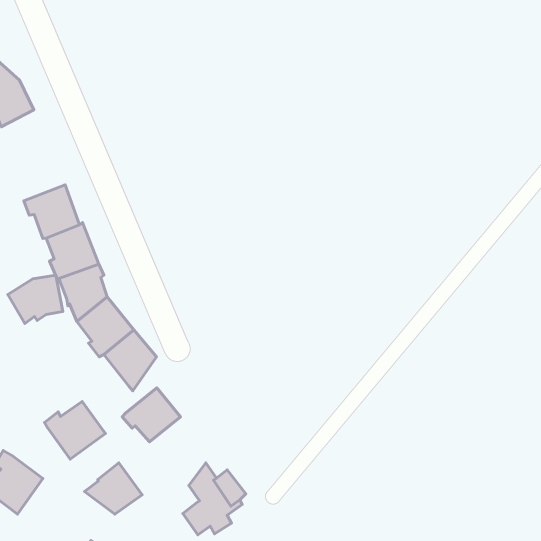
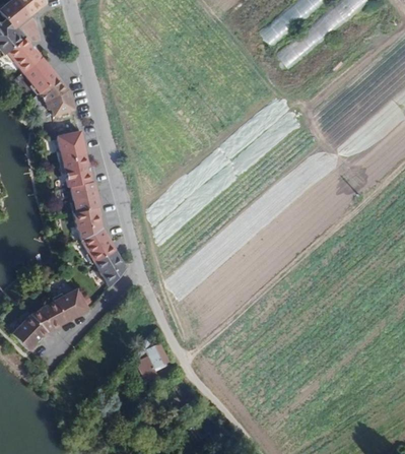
building: none -> [58,131,87,163]
building: [8,275,63,324] -> none
building: [122,388,181,442] -> none
building: [84,463,142,514] -> [31,301,66,331]

